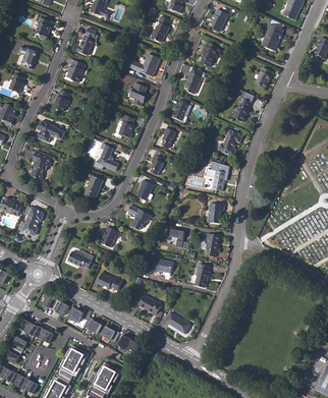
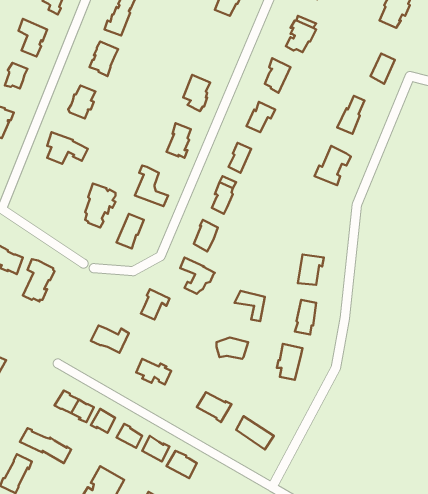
building: [129,53,161,76] -> none
building: [31,150,51,179] -> [85,184,115,227]
building: [204,160,229,190] -> none

